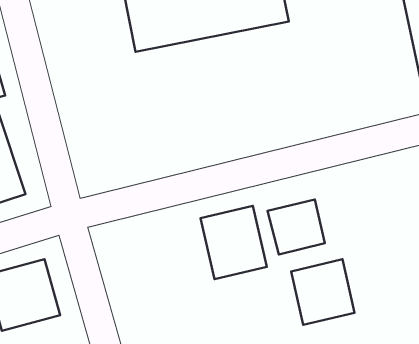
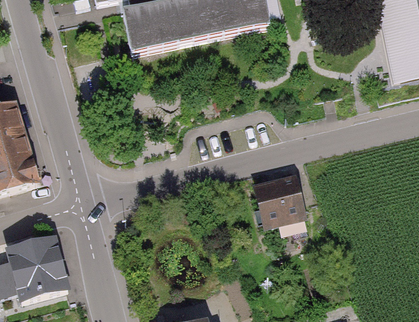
building: [201,206,267,279] -> none
building: [291,259,355,325] -> none

